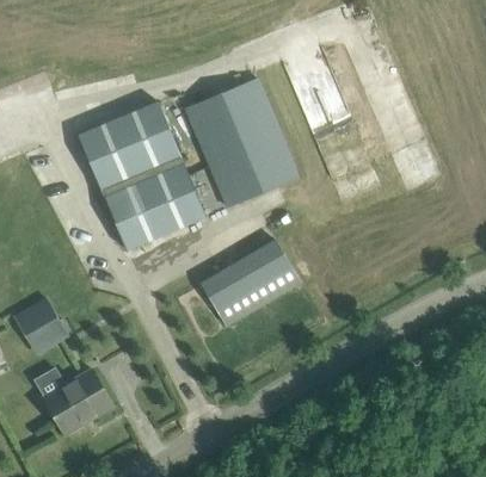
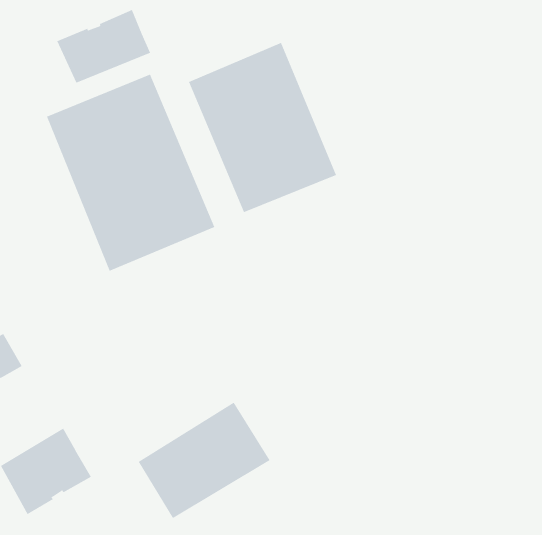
building: none -> [56,9,151,84]
building: [199,238,300,327] -> [138,402,271,519]

